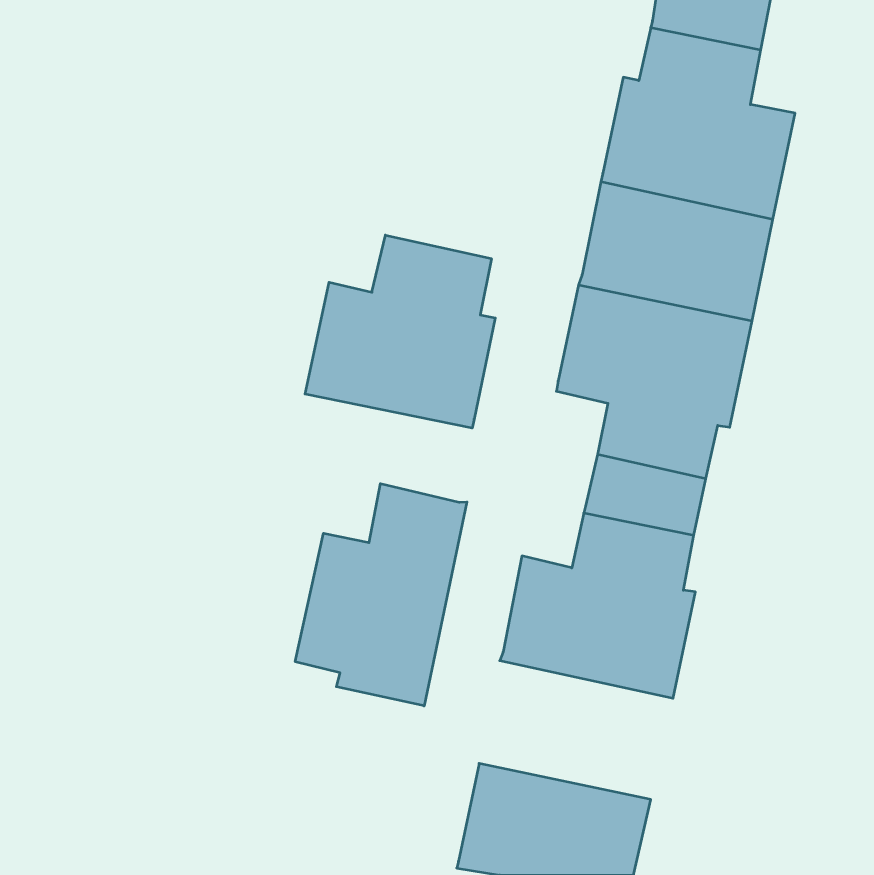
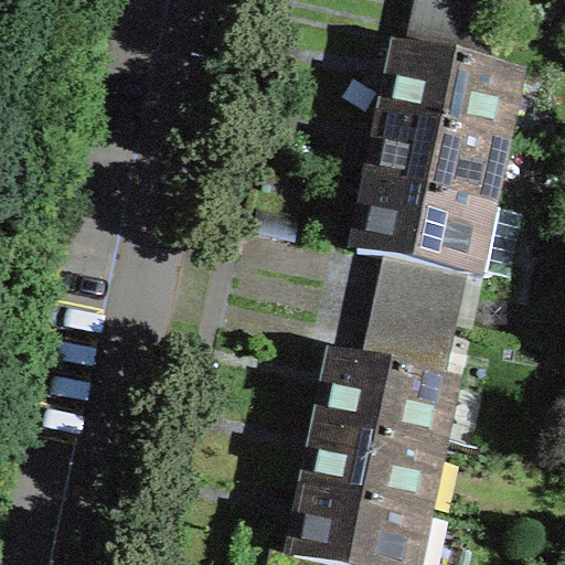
building: [305,235,495,428] -> none
building: [295,484,467,706] -> none
building: none -> [310,425,435,514]

